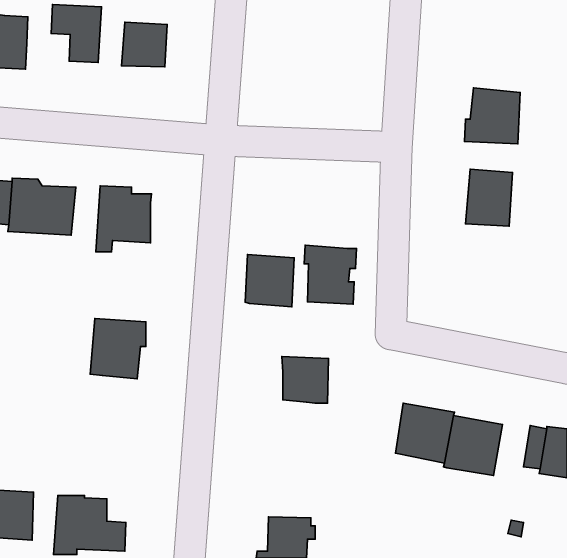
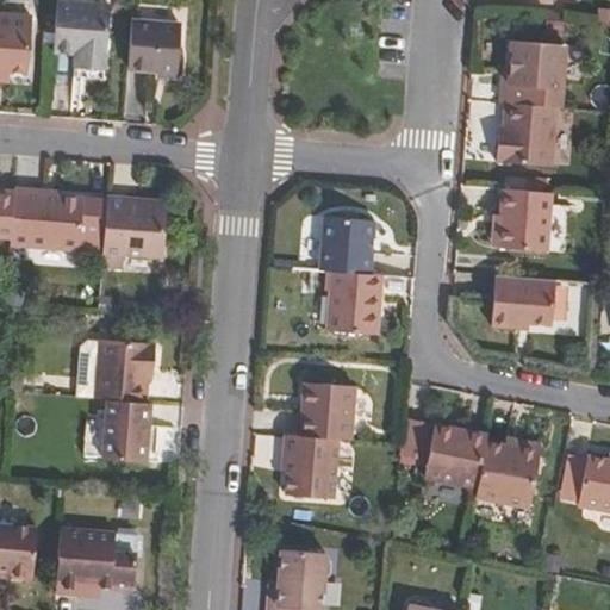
building: none -> [499,31,564,99]
building: none -> [491,269,554,322]
building: [245,254,294,307] -> [322,210,374,266]
building: none -> [106,402,151,461]
building: none -> [286,428,337,491]

